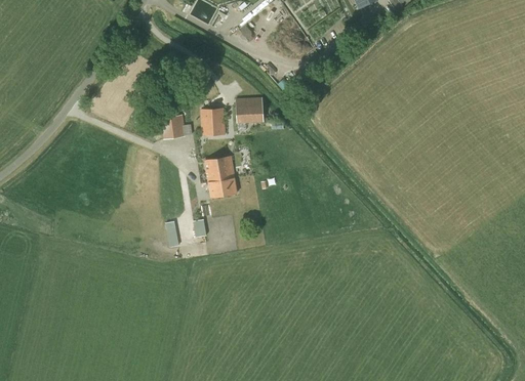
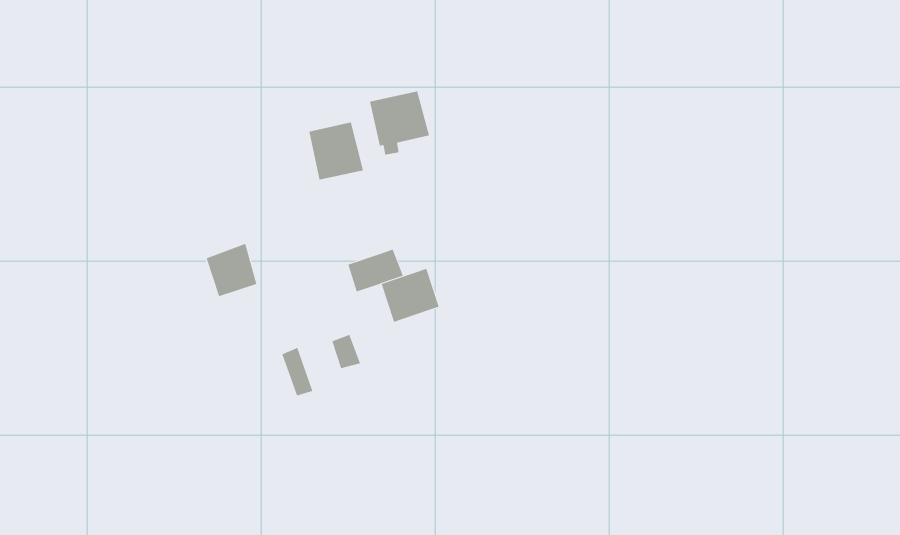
building: [160,114,185,139] -> [206,243,257,297]
building: [205,157,234,182] -> [381,268,439,323]

